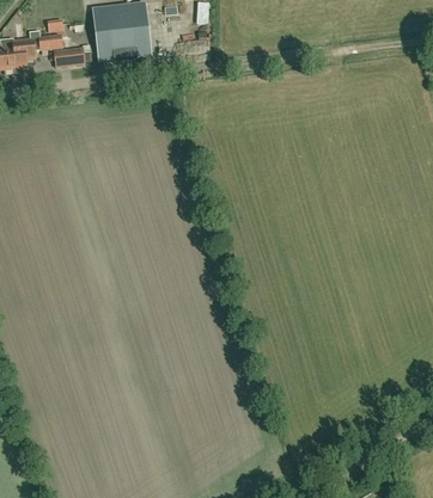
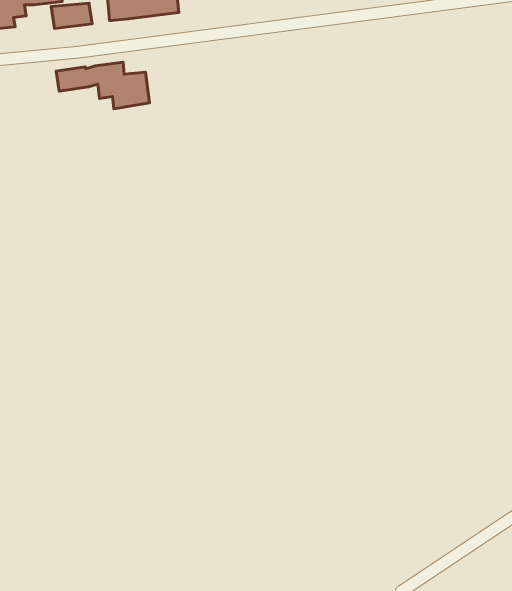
building: none -> [56,62,149,109]

